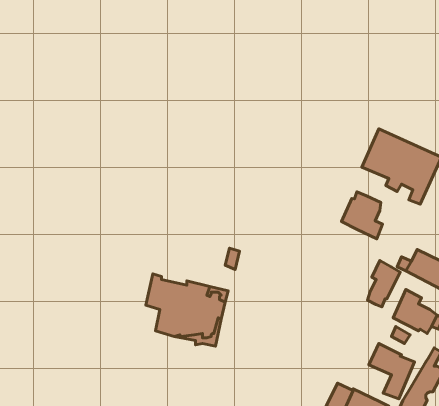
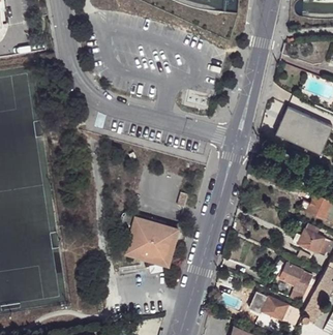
building: [342,192,383,239] -> none
building: [367,260,400,307] -> none

